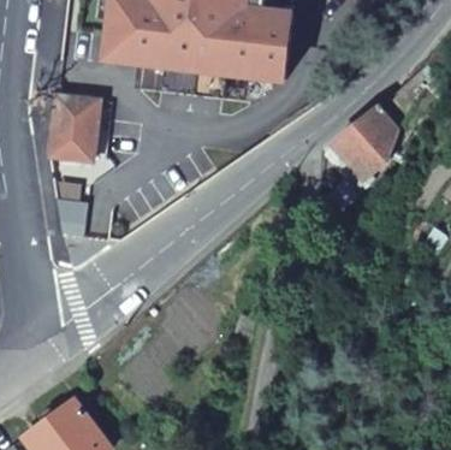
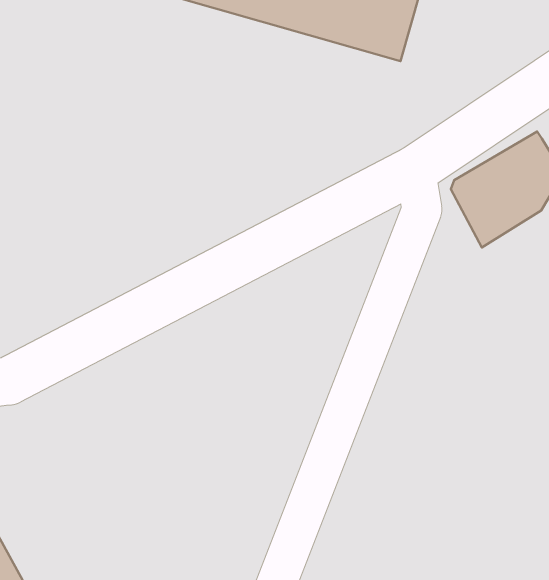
building: [48,95,99,159] -> none

